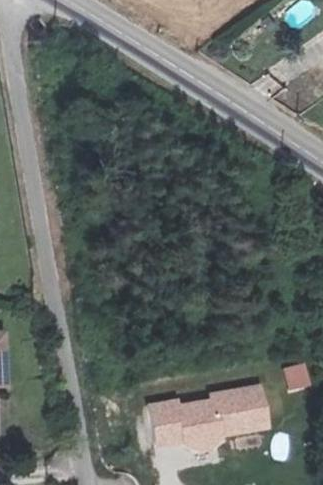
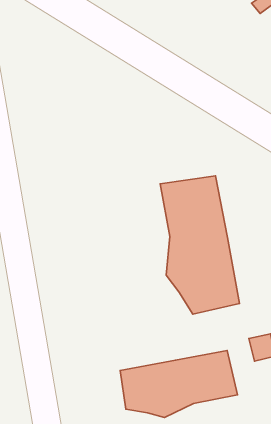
building: none -> [160,176,240,314]

